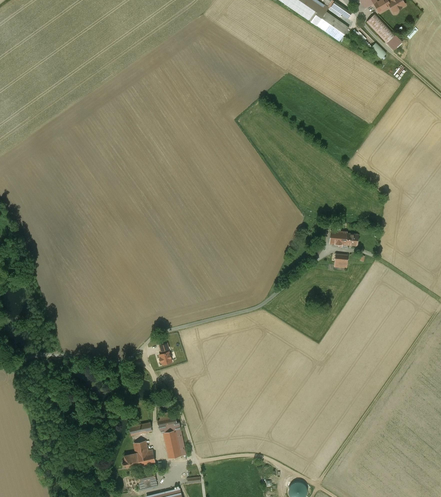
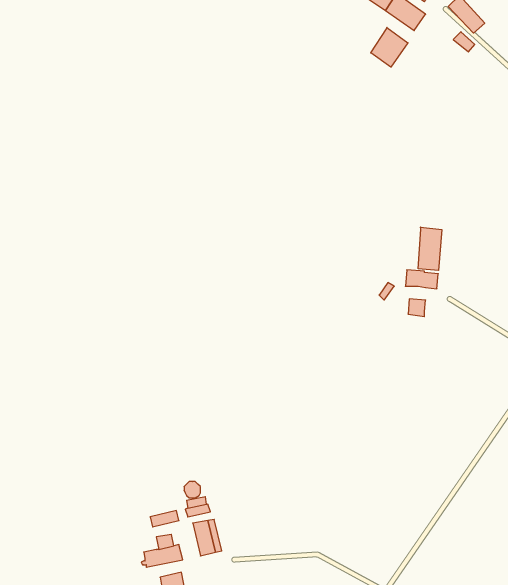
building: none -> [371,27,408,67]
building: none -> [418,227,442,270]

